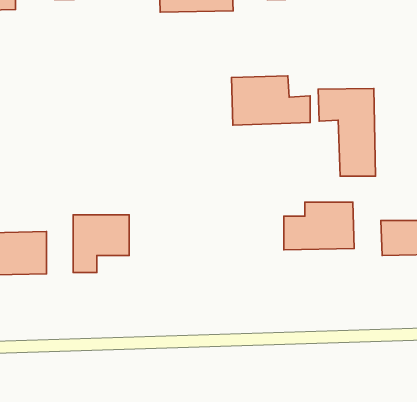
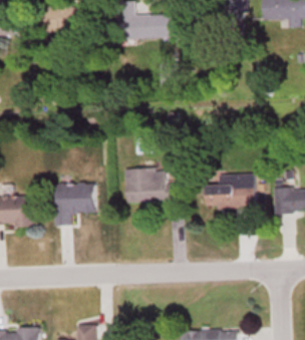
building: [231,76,310,125] -> [124,168,181,204]
building: [318,88,375,176] -> none

